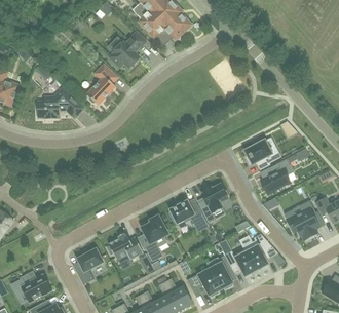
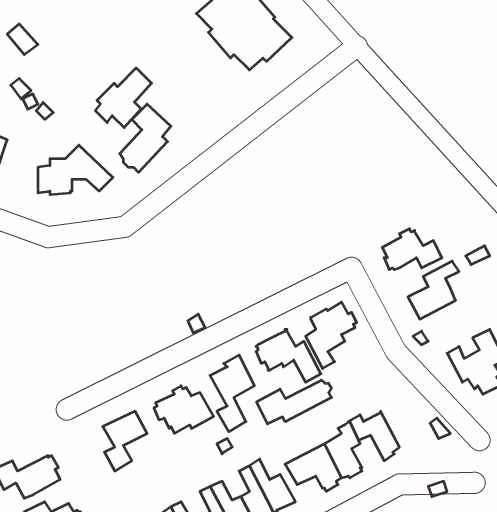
building: [112,32,146,68] -> [95,68,152,128]
building: none -> [257,380,332,424]
building: [242,233,272,270] -> none

